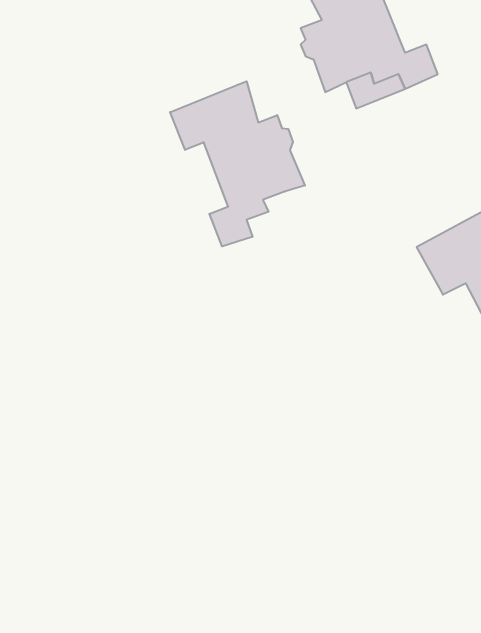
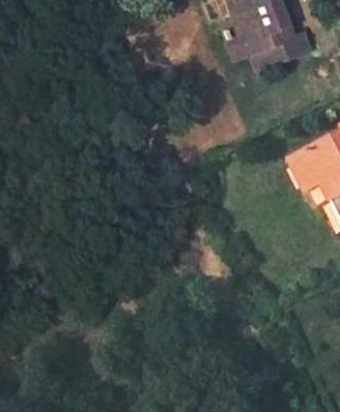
building: [170,81,305,246] -> none

